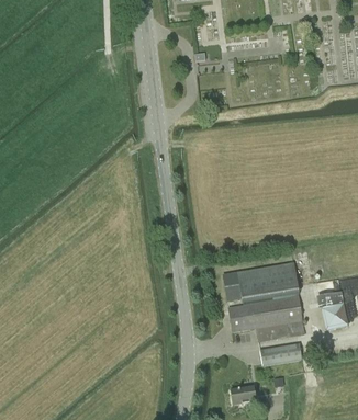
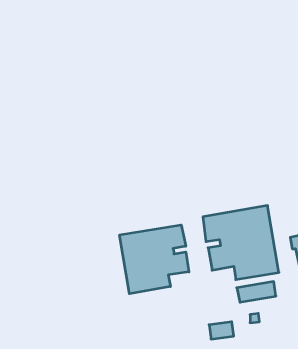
building: none -> [120,225,189,294]

